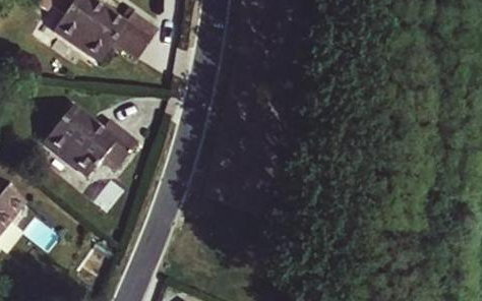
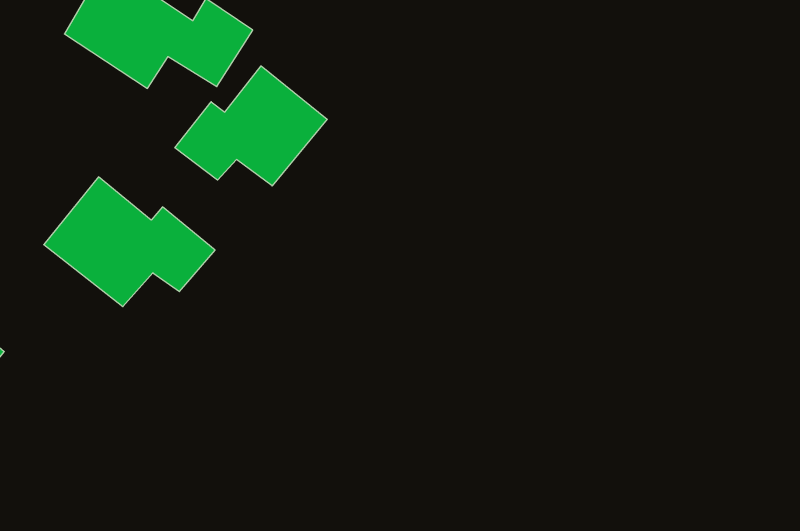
building: none -> [175,66,327,186]

